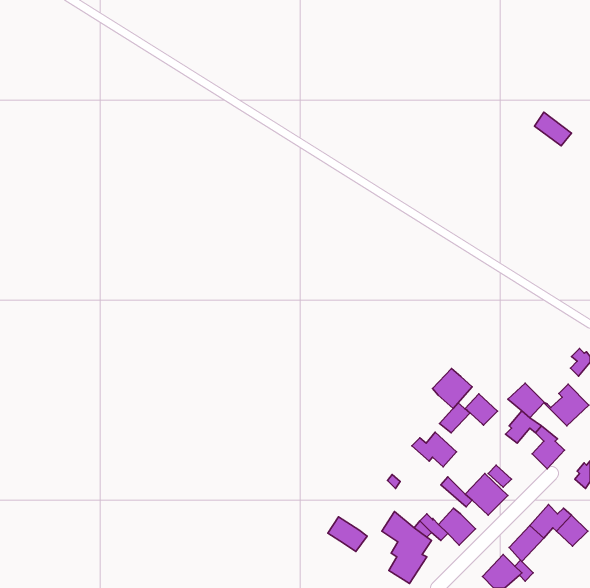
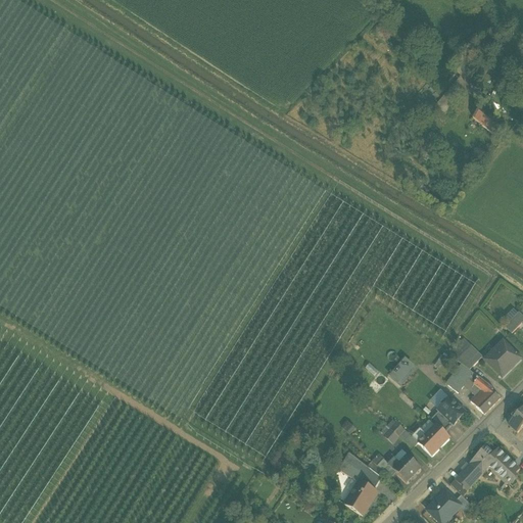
building: [433,368,472,408] -> none
building: [465,394,497,425] -> [436,396,465,424]
building: [412,432,457,467] -> none
building: [328,517,367,551] -> none

